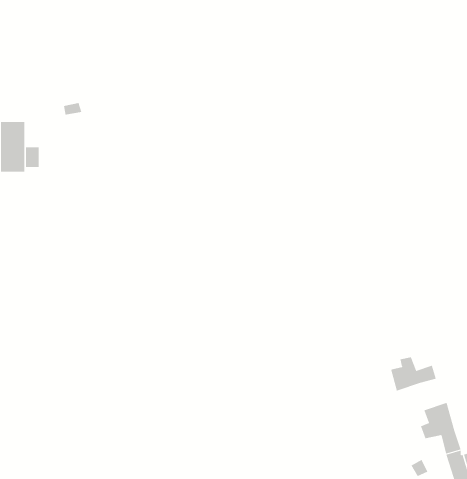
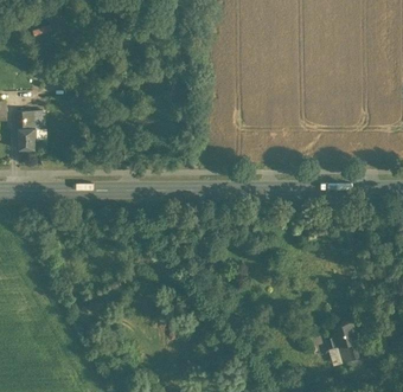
building: [390,356,437,391] -> none

